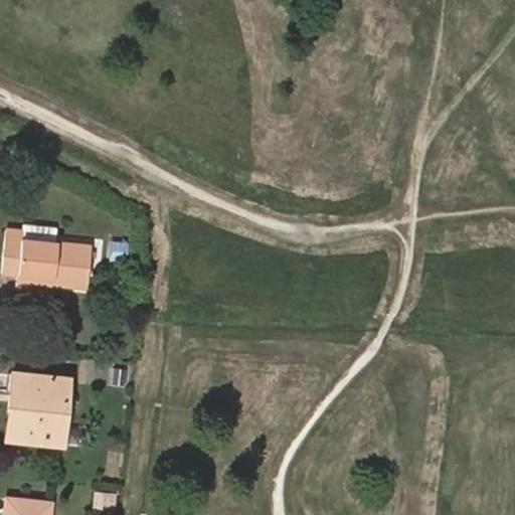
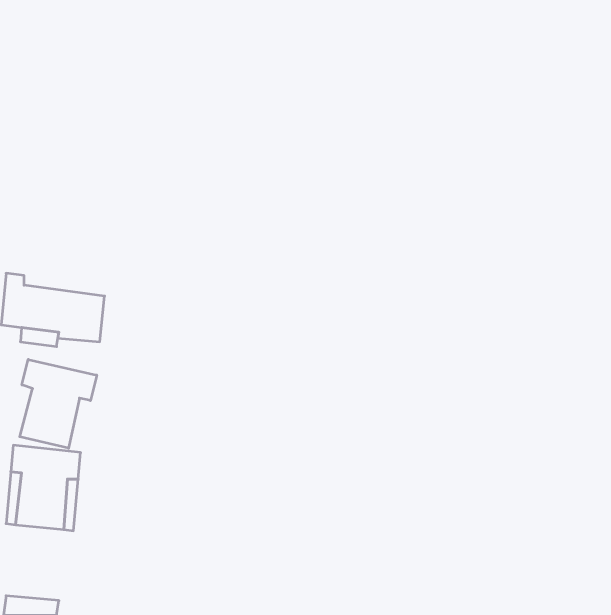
building: none -> [20,359,97,448]

